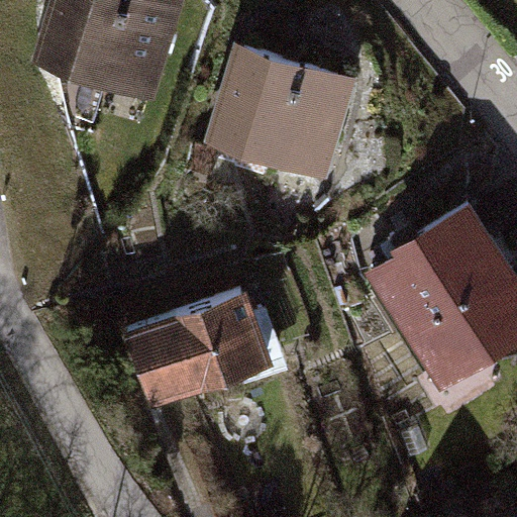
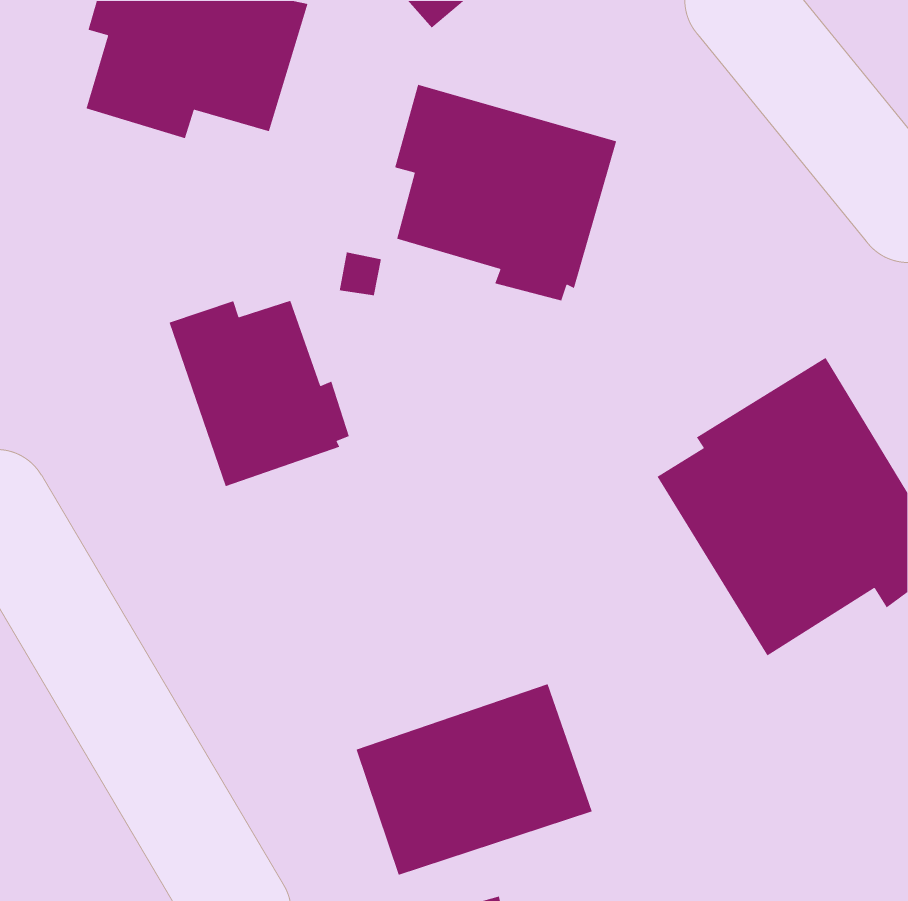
building: none -> [168,300,350,487]
building: [134,295,269,404] -> [355,683,593,876]

